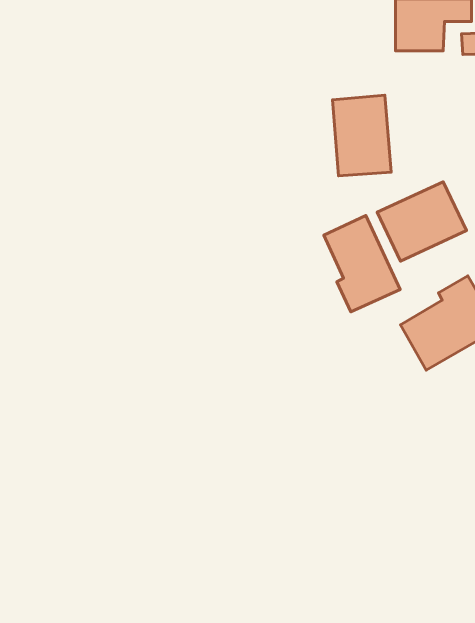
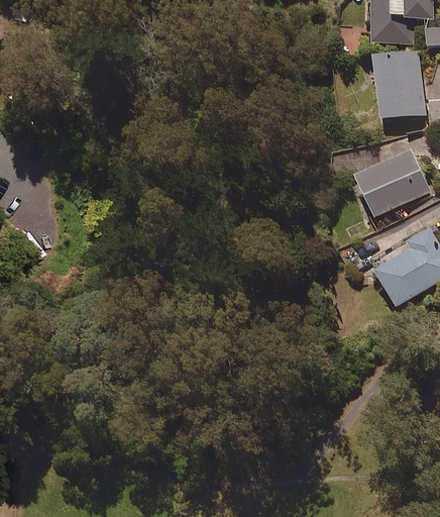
building: [332,95,391,176] -> [374,50,423,117]
building: [324,215,400,312] -> none

